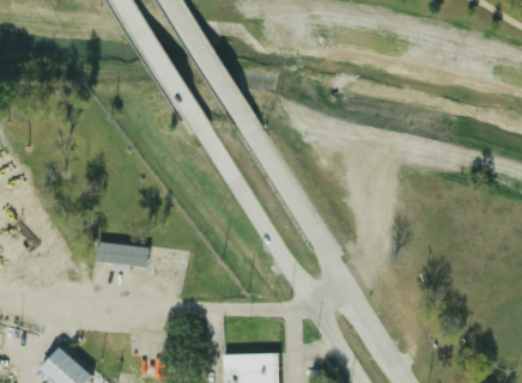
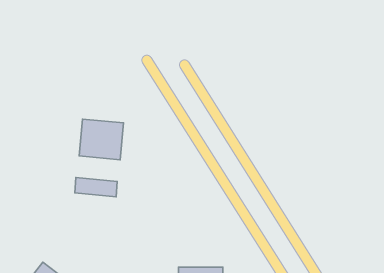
building: none -> [79,119,124,160]

